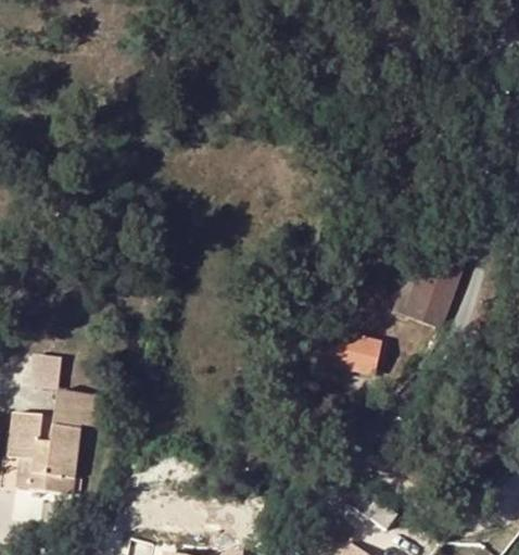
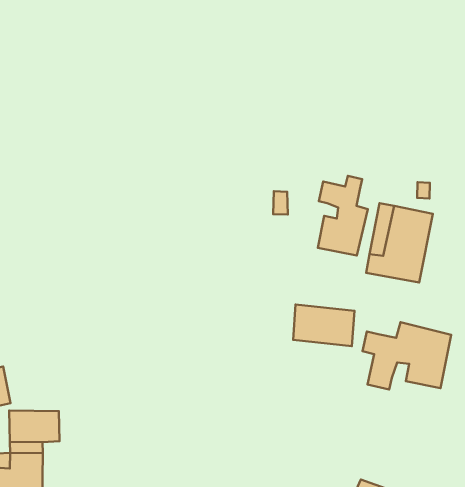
building: none -> [318,176,368,255]
building: none -> [363,322,451,390]

